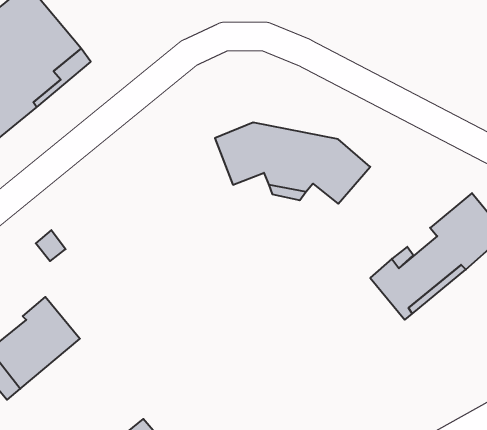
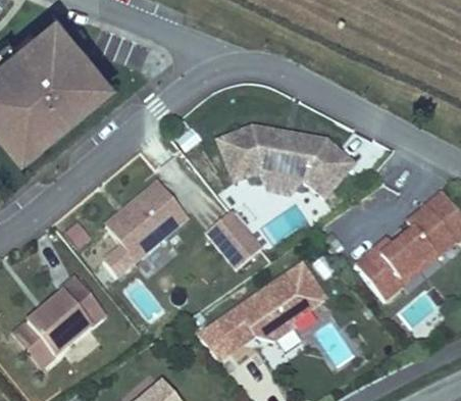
building: none -> [105,186,187,265]
building: none -> [203,207,261,268]
building: none -> [209,265,320,352]

